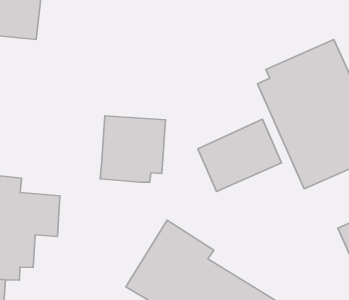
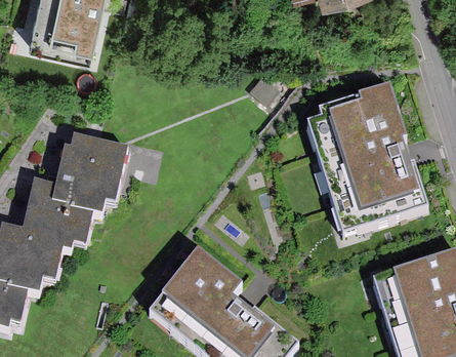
building: [100,116,166,182] -> [51,141,125,213]
building: [198,119,281,192] -> none

